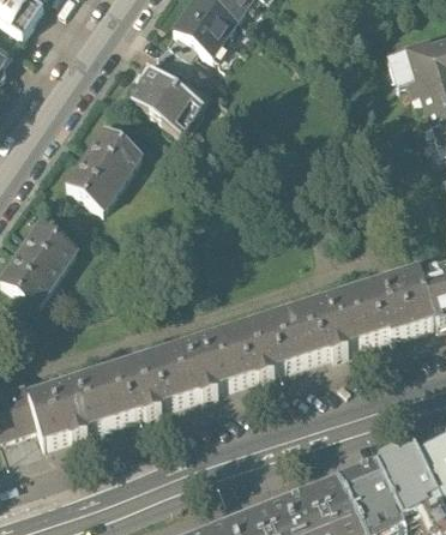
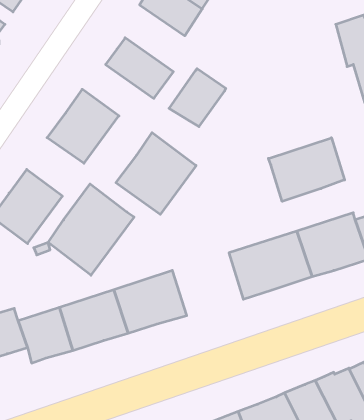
building: none -> [169,69,226,127]
building: none -> [116,133,196,214]
building: none -> [268,138,345,201]
building: none -> [48,184,134,275]
building: [207,311,290,384] -> none

